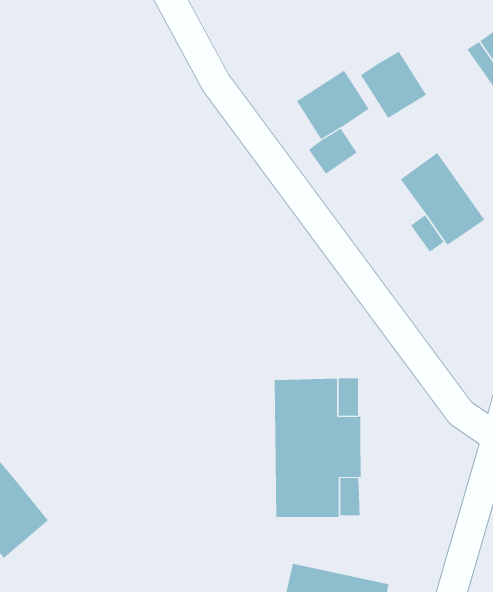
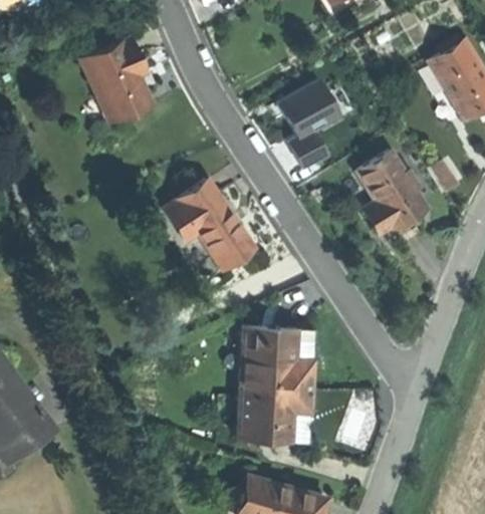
building: none -> [82,41,152,124]
building: [360,51,427,119] -> none
building: none -> [168,183,252,269]

